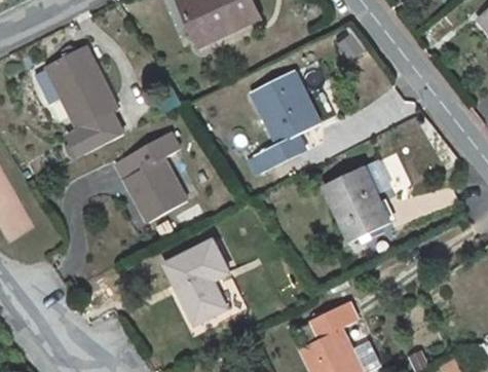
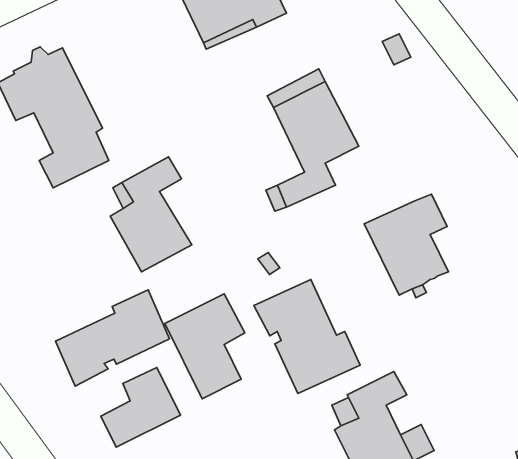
building: none -> [254,279,360,394]
building: none -> [55,290,170,386]
building: none -> [101,368,181,447]

